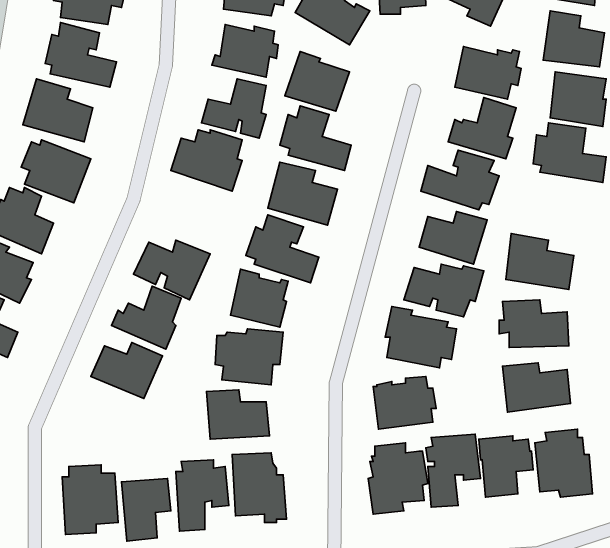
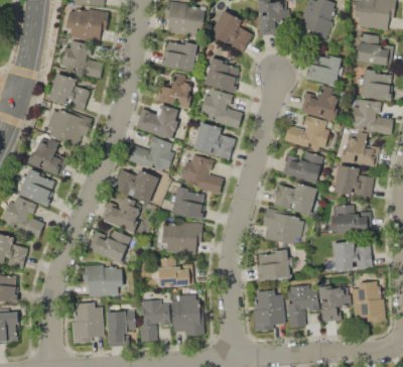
building: none -> [341,131,380,165]
building: none -> [129,136,174,172]
building: none -> [83,264,123,296]

